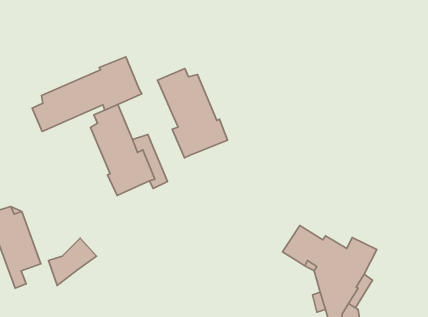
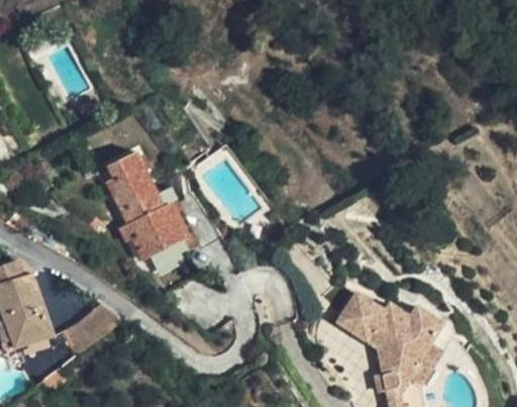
building: [32,57,142,132] -> none
building: [158,69,228,158] -> none

